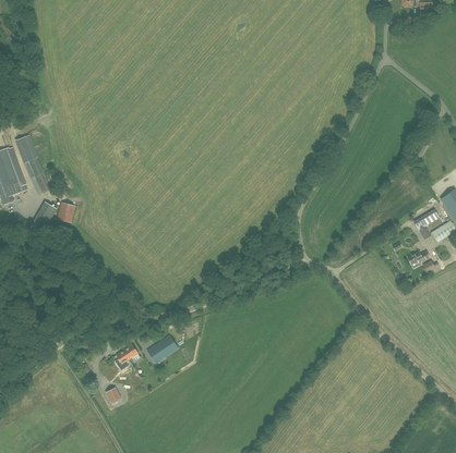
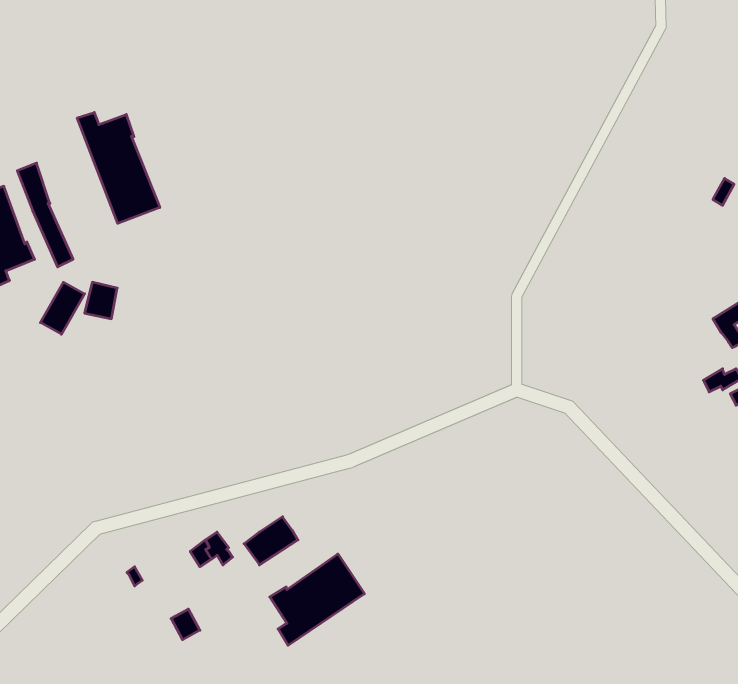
building: none -> [77,112,160,223]
building: none -> [270,554,364,645]

